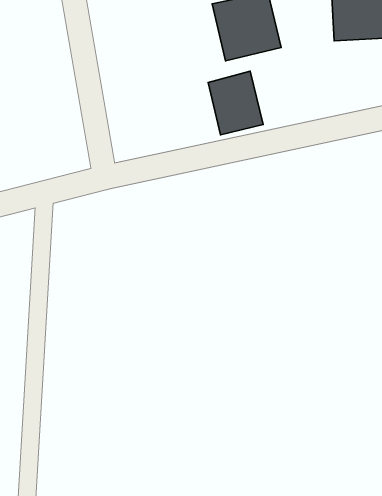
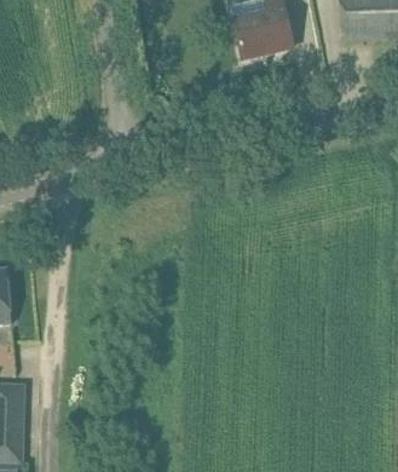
building: [208,71,263,135] -> none

